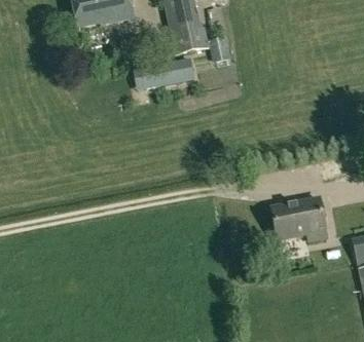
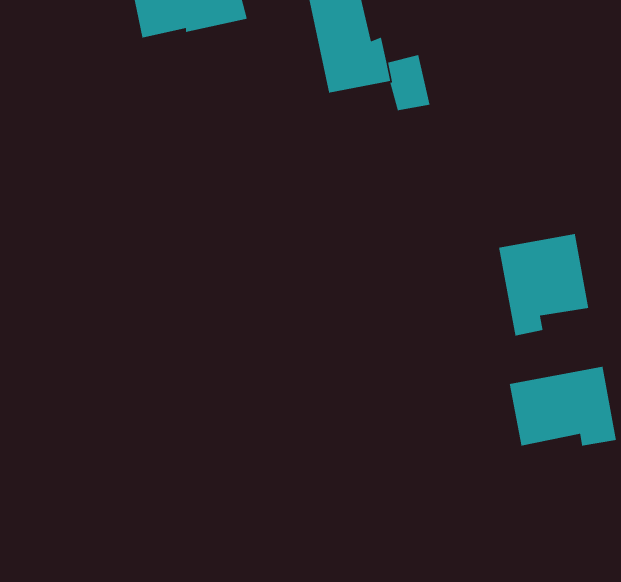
building: [133,56,193,88] -> none
building: none -> [498,233,589,336]

